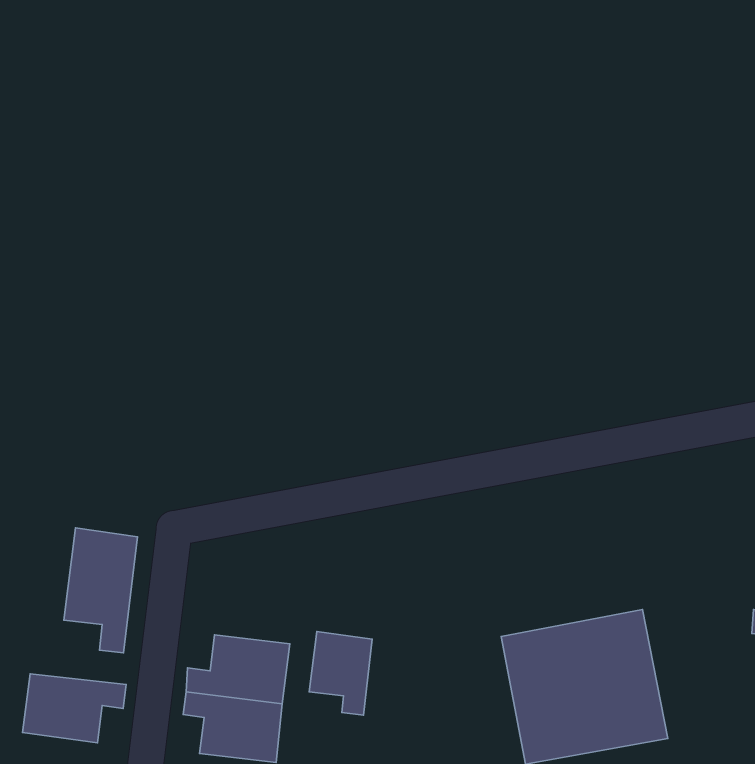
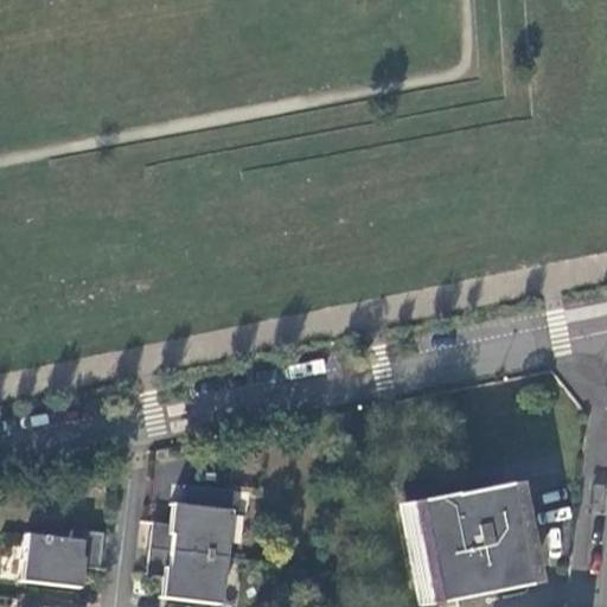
building: [64,528,138,653] -> none
building: [309,631,372,715] -> none

